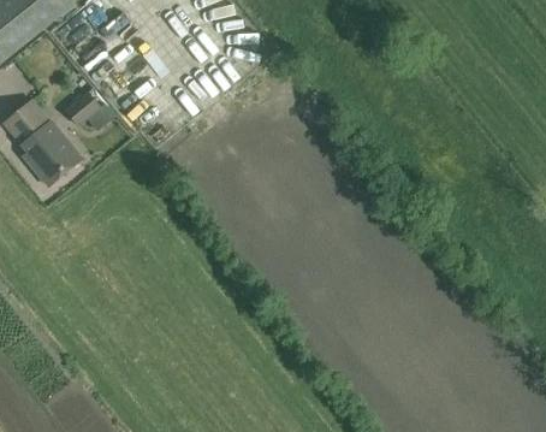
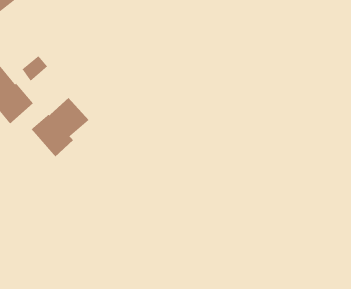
building: none -> [31,97,89,158]

